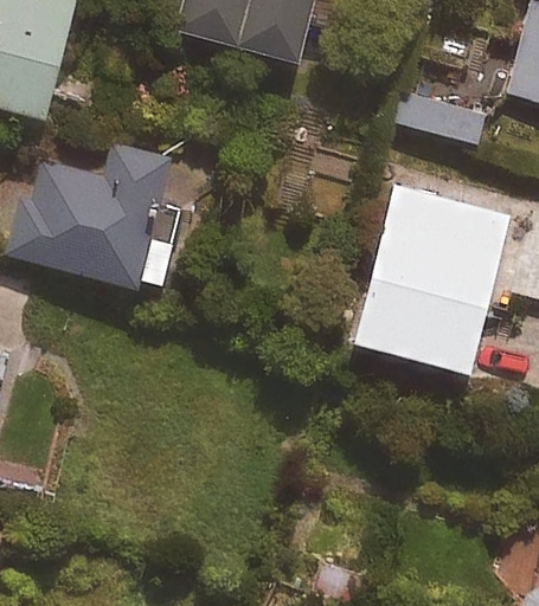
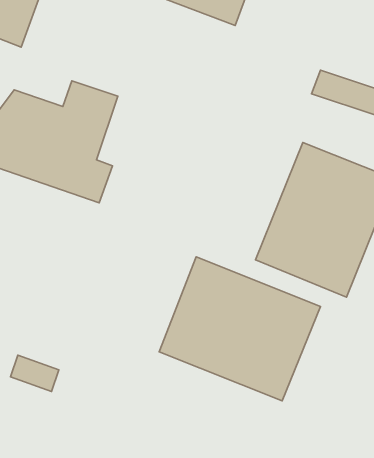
building: none -> [159,257,320,401]

